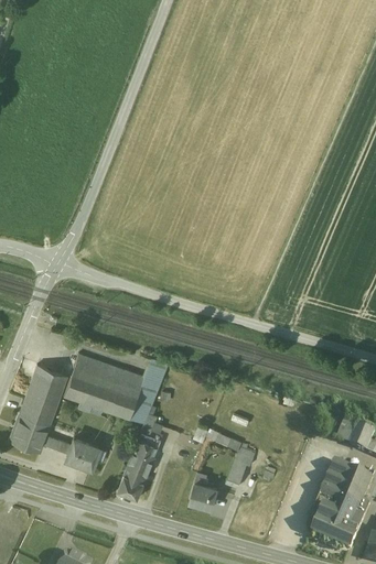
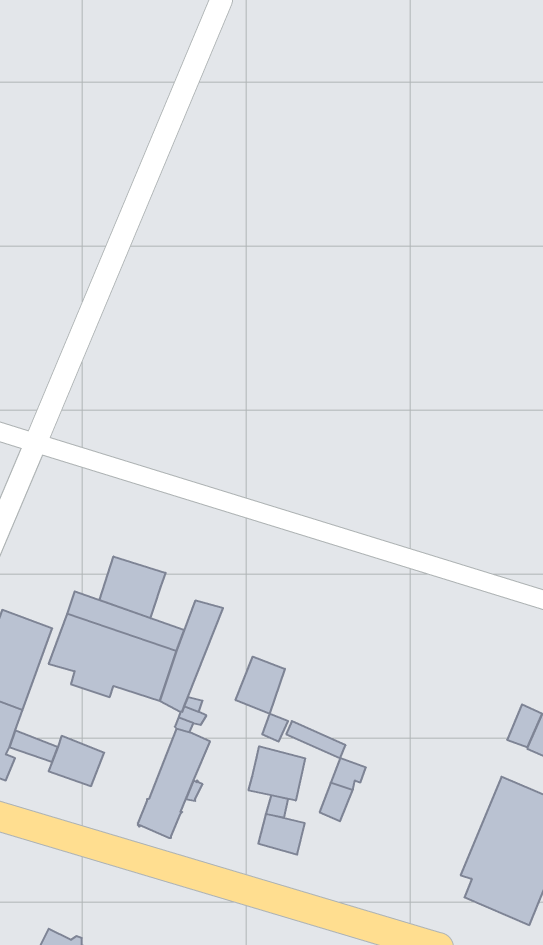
building: none -> [100,556,166,618]
building: none -> [236,657,285,714]
building: none -> [249,746,305,801]

